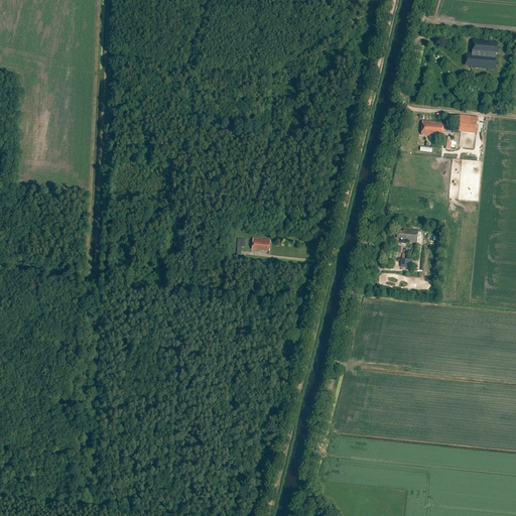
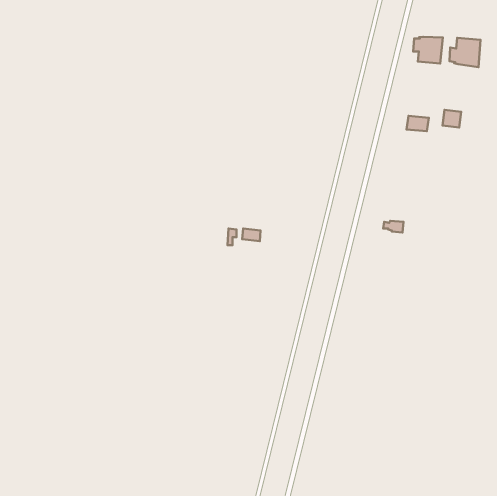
building: none -> [413,37,443,63]

